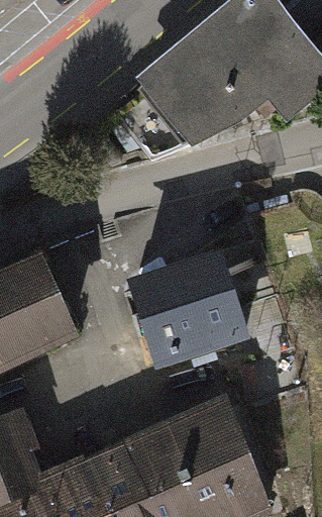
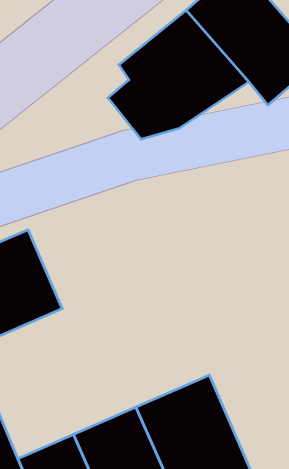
building: [121,246,249,374] -> none

